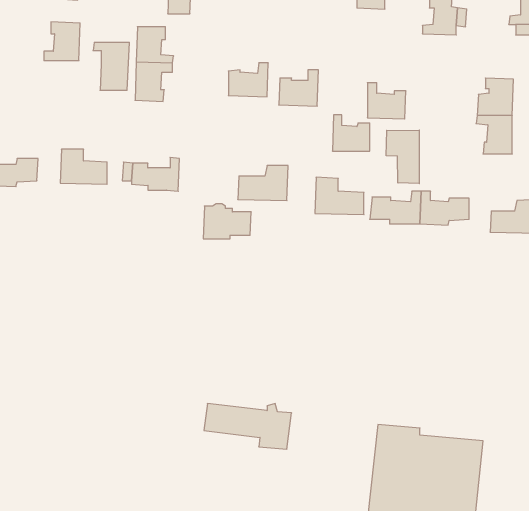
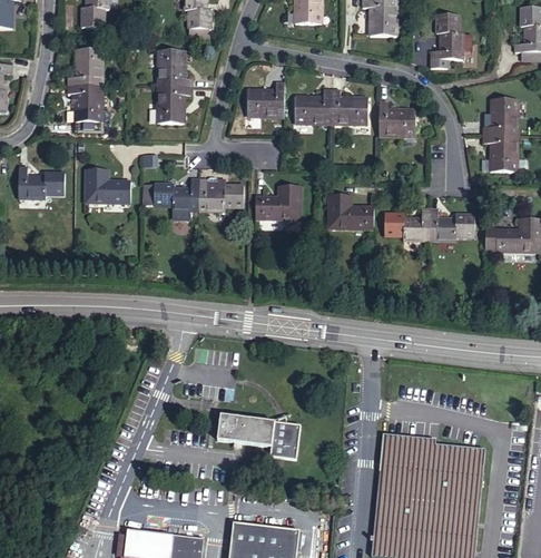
building: [93,42,129,90] -> [68,85,102,130]
building: [332,115,370,151] -> [329,94,365,128]
building: [386,130,419,184] -> none
building: [203,204,251,239] -> [197,176,243,209]

